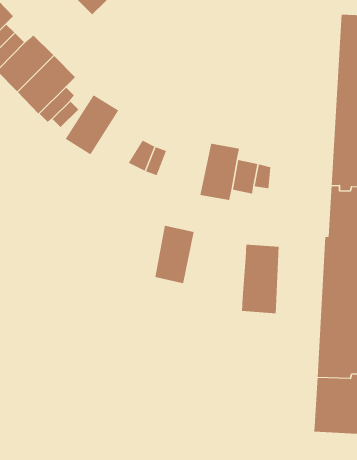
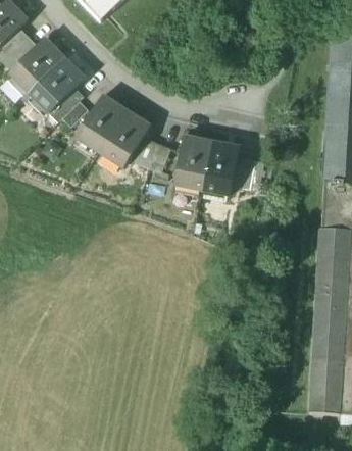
building: none -> [99,109,150,166]
building: [154,225,195,284] -> [173,134,211,189]
building: [241,244,279,314] -> none

